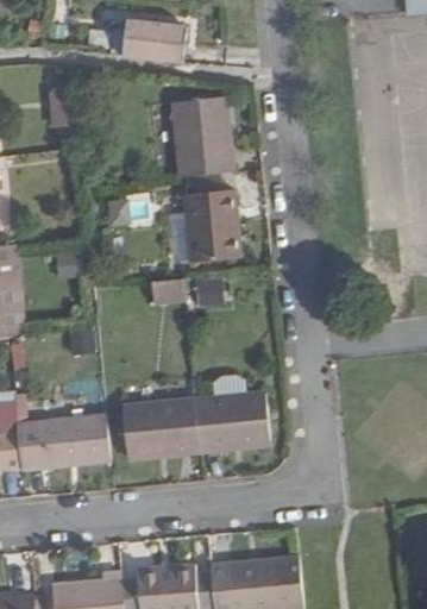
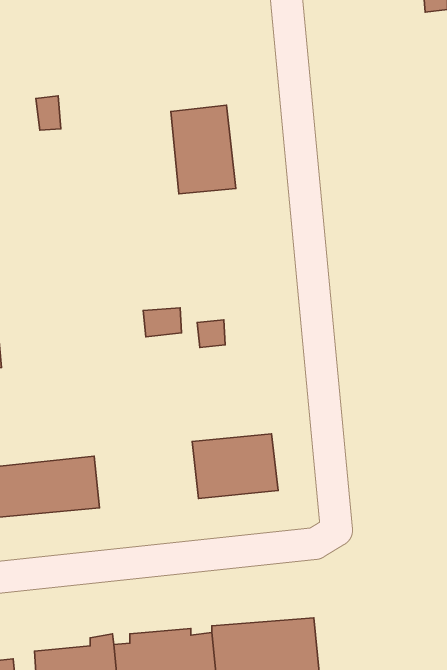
building: [109,23,187,65] -> none
building: [181,171,241,263] -> none
building: [123,398,199,456] -> none

